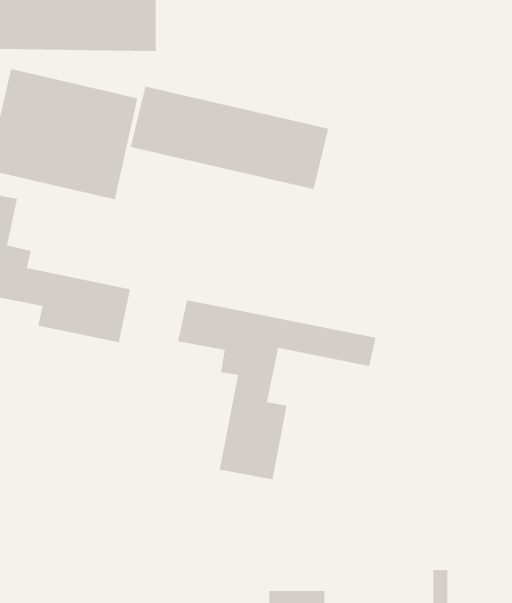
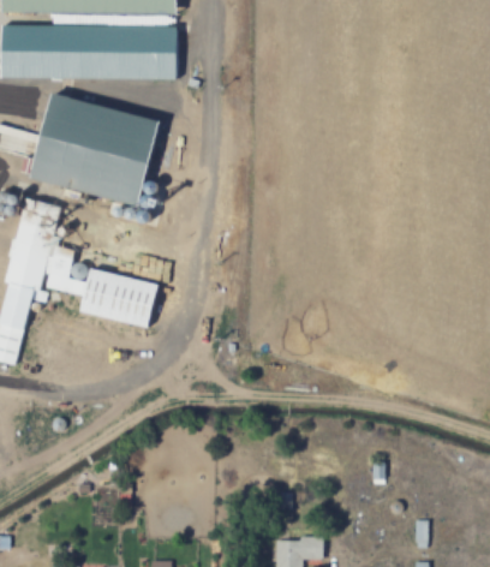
building: [130,86,329,190] -> none
building: [178,299,376,480] -> none

